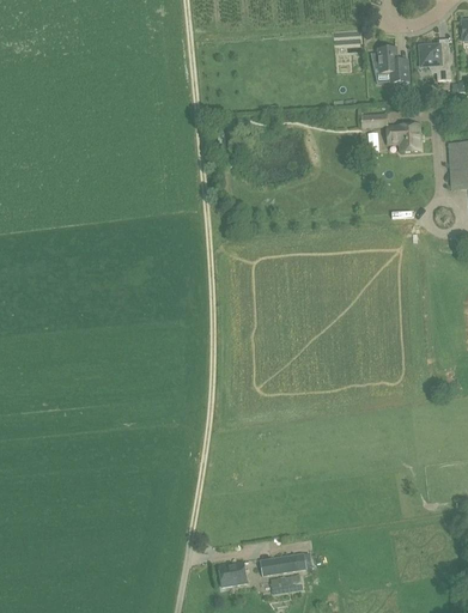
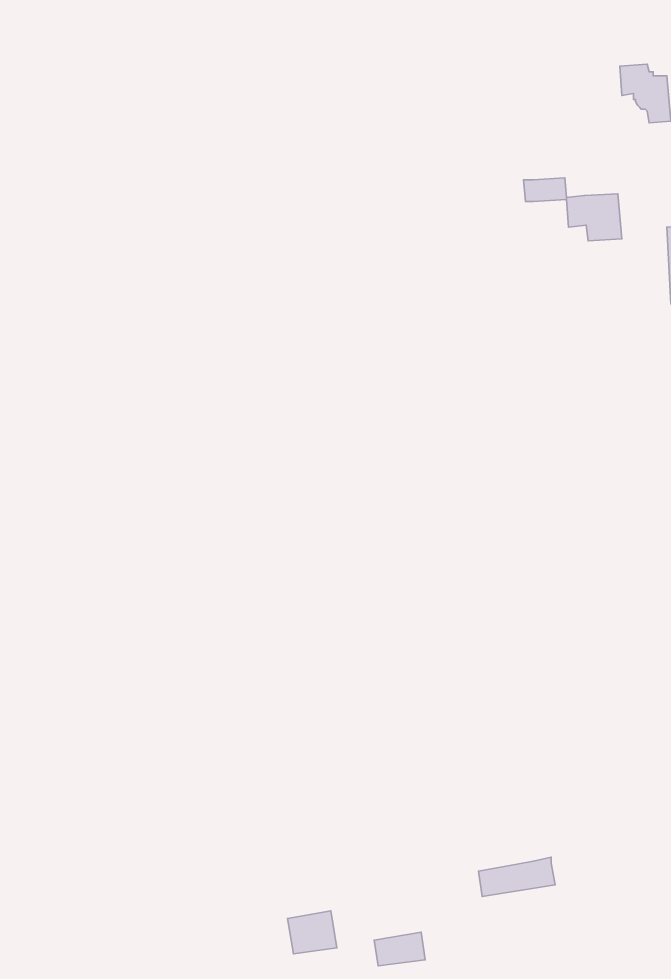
building: [370,44,408,81] -> none
building: [260,551,306,575] -> [478,857,555,897]

